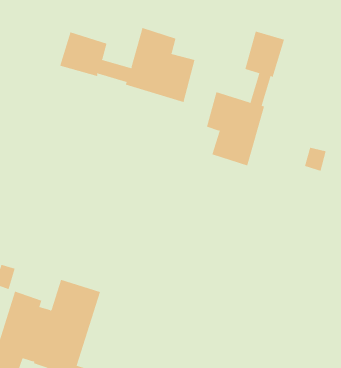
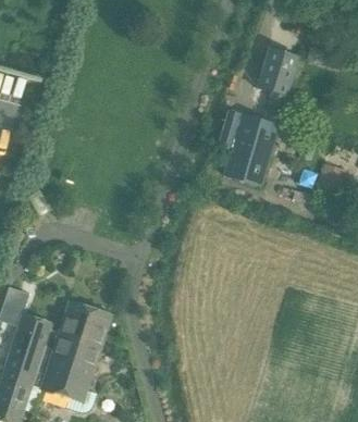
building: [60,27,195,103] -> none

